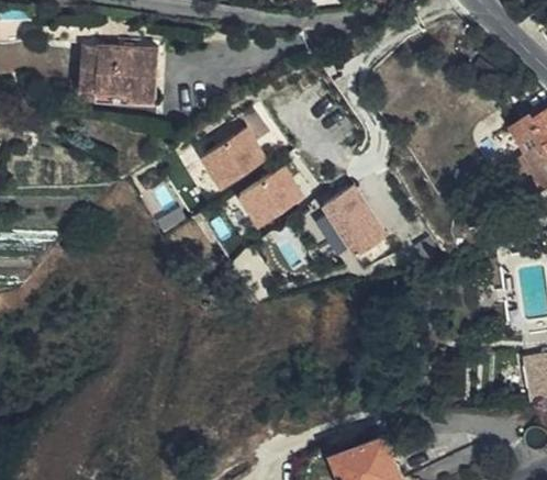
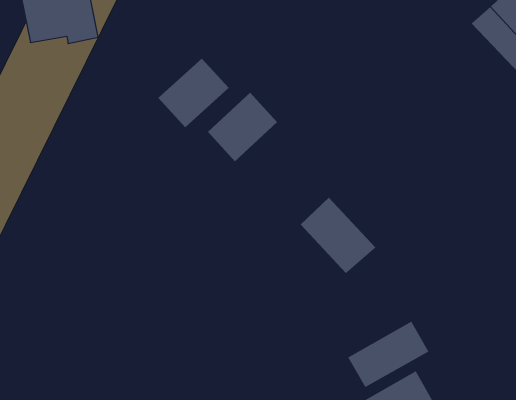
building: [321,185,384,255] -> [300,197,376,274]
building: none -> [347,321,429,388]

